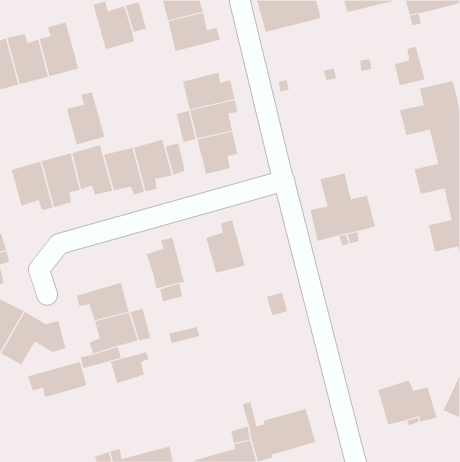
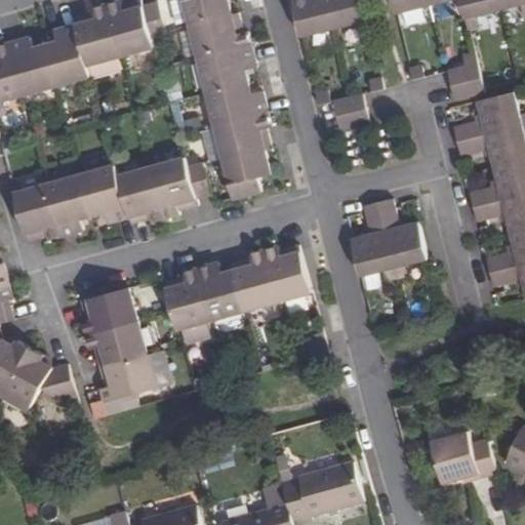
building: none -> [198,45,255,92]
building: none -> [332,94,367,130]
building: [66,92,105,145] -> [75,5,119,66]
building: none -> [264,246,311,301]
building: none -> [196,262,244,320]
building: none -> [82,287,137,335]
building: [110,351,149,384] -> none
building: [28,361,87,398] -> none

